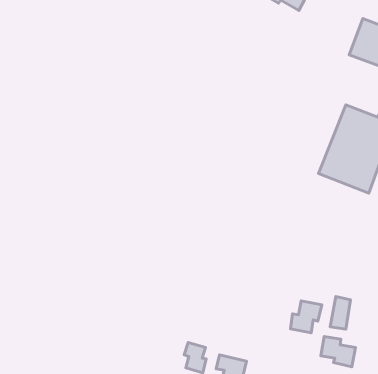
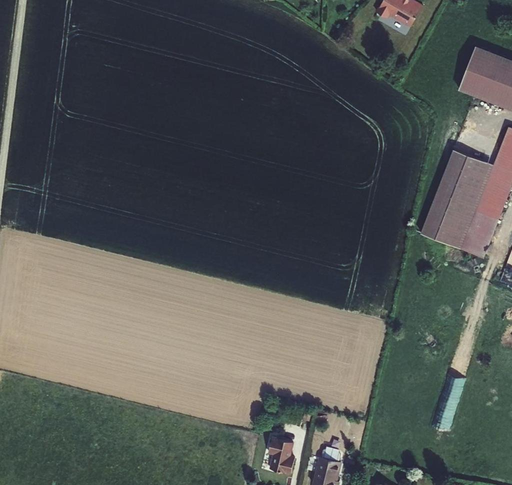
building: [290,301,322,333] -> none
building: [321,337,355,367] -> none

